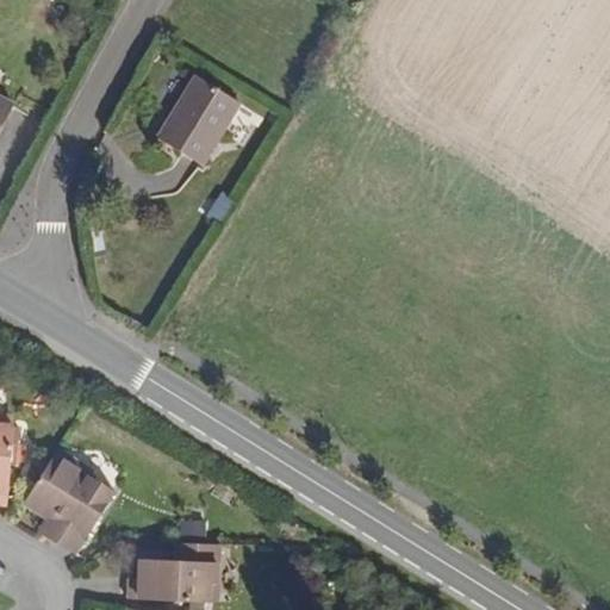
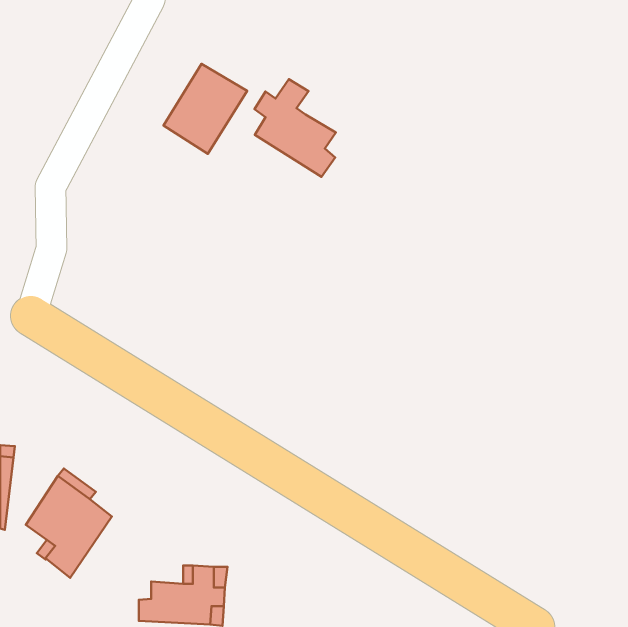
building: none -> [255,79,336,177]

